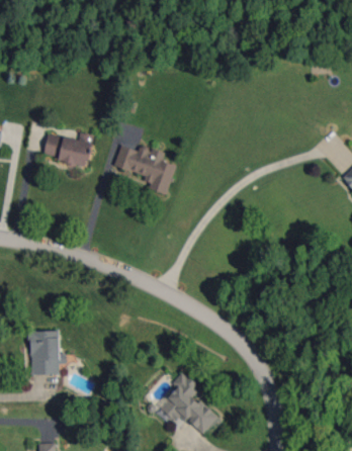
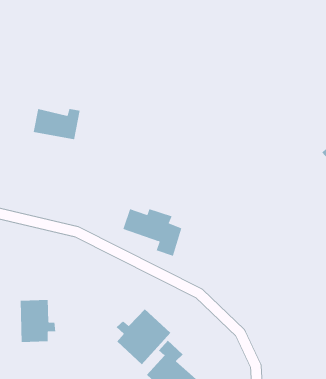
building: [113,146,175,195] -> [122,208,182,256]
building: none -> [116,308,171,365]

